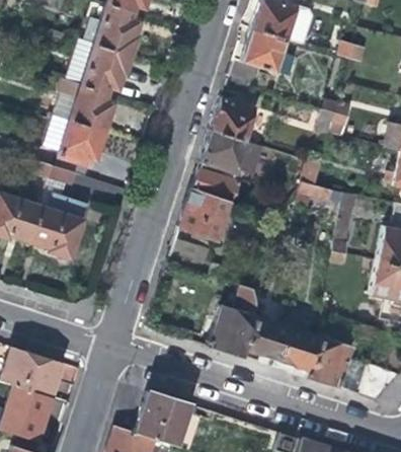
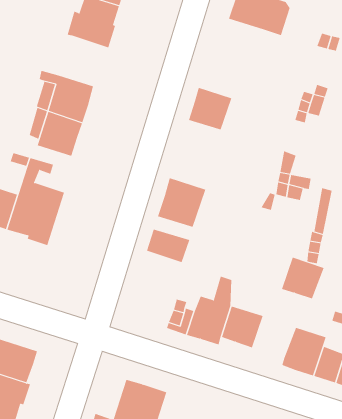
building: [228,26,288,86] -> none
building: [81,44,132,94] -> none
building: [200,129,261,172] -> none
building: [192,168,242,201] -> none
building: [276,326,320,369] -> [281,257,324,299]

